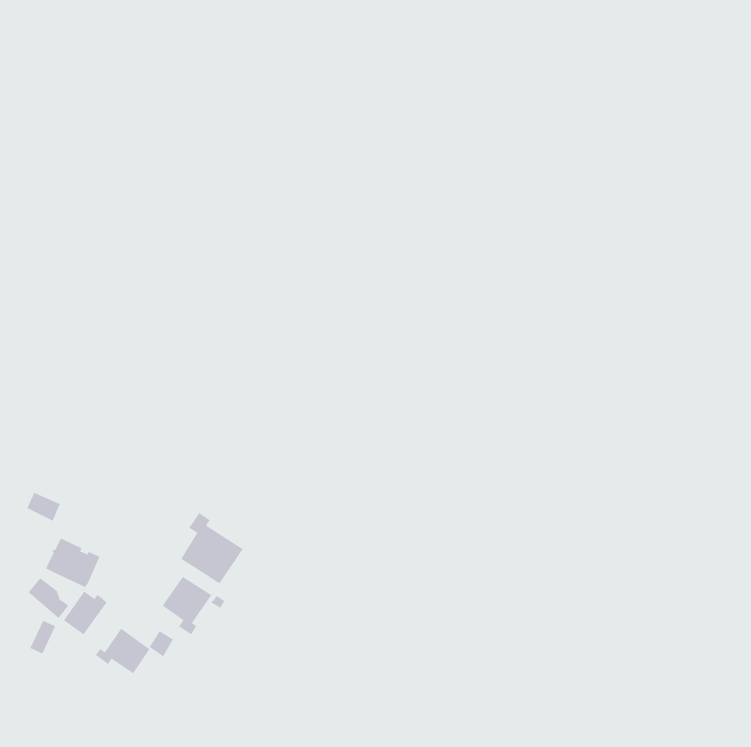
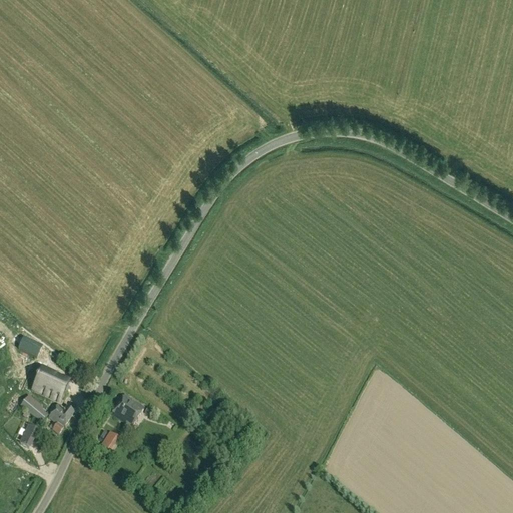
building: [180,512,244,584] -> none
building: [95,628,150,674] -> none

